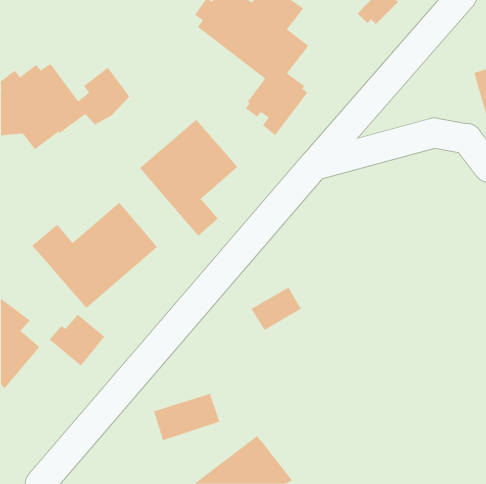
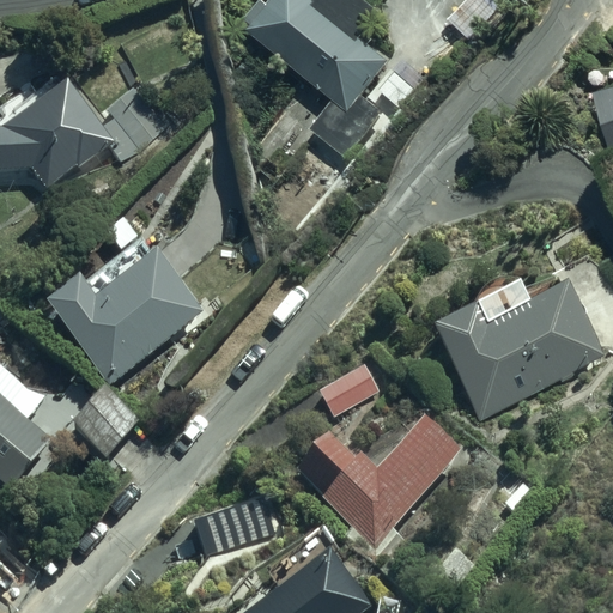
building: [139,119,238,236] -> none
building: none -> [429,279,603,415]
building: none -> [287,414,460,542]

